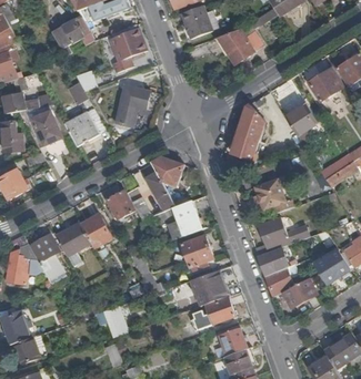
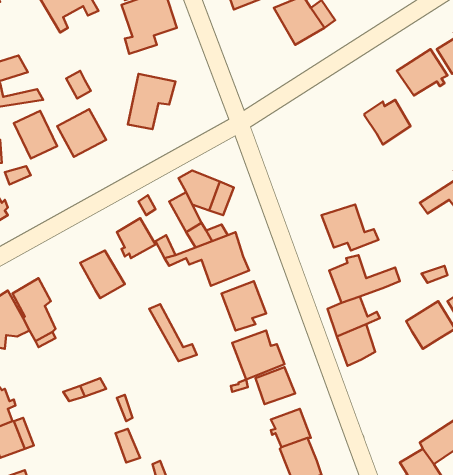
building: [231,105,264,162] -> none
building: [54,223,90,256] -> none
building: [282,279,317,308] -> none

